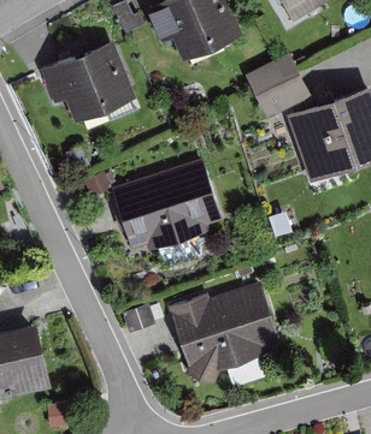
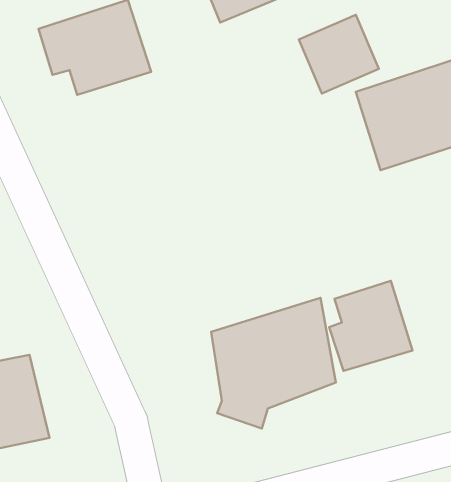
building: [112,159,220,249] -> none
building: none -> [329,281,412,371]

